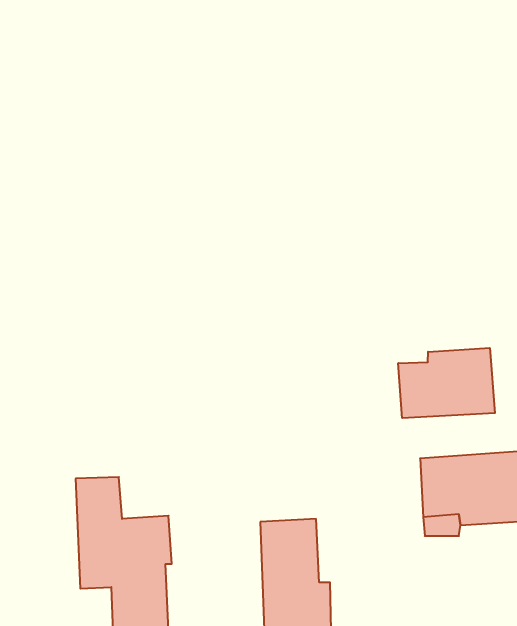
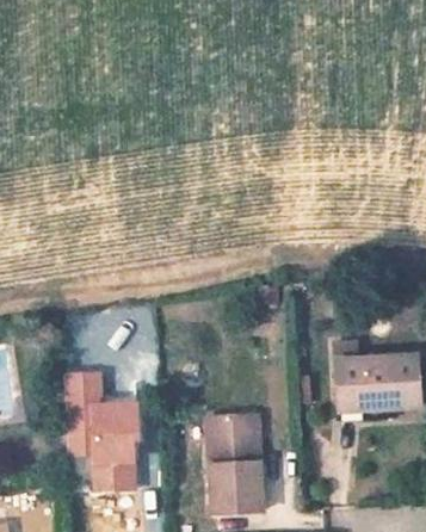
building: [398,348,495,418] -> none

